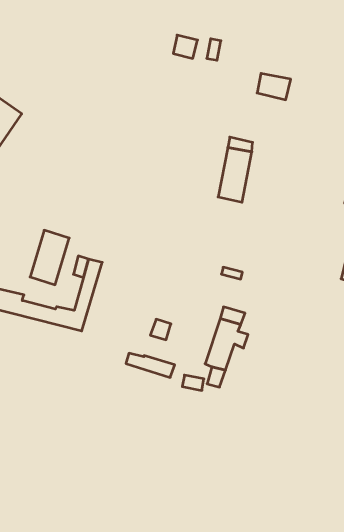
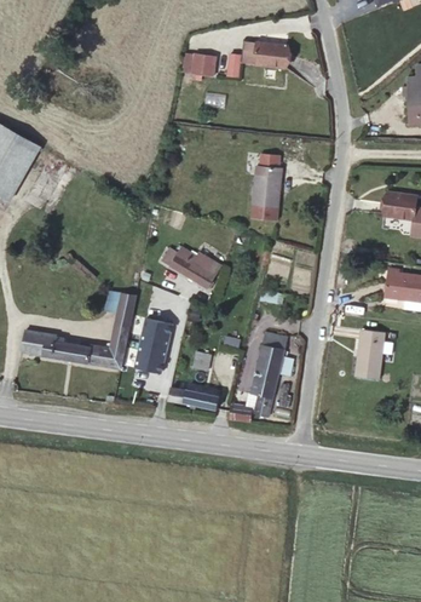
building: [257,73,291,100] -> [254,42,288,68]
building: none -> [162,247,219,287]
building: [30,230,69,285] -> [134,317,172,373]
building: none -> [354,329,385,379]

